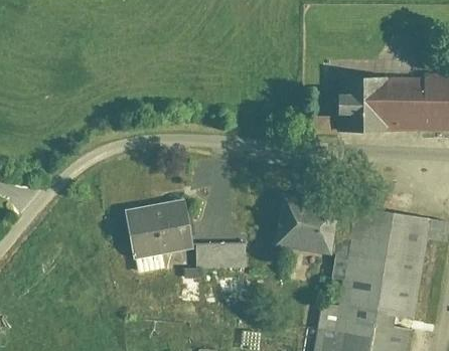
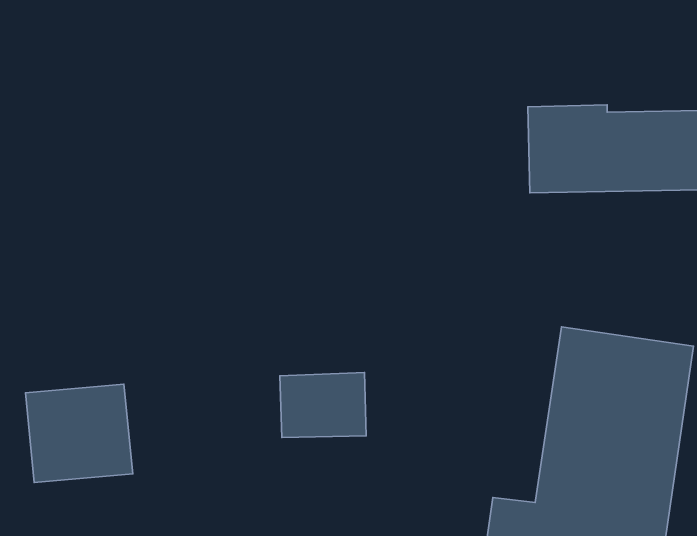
building: [274,193,332,251] -> none
building: [130,200,191,256] -> [25,384,133,483]

